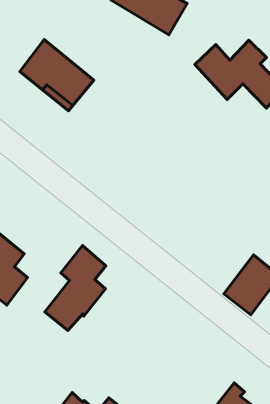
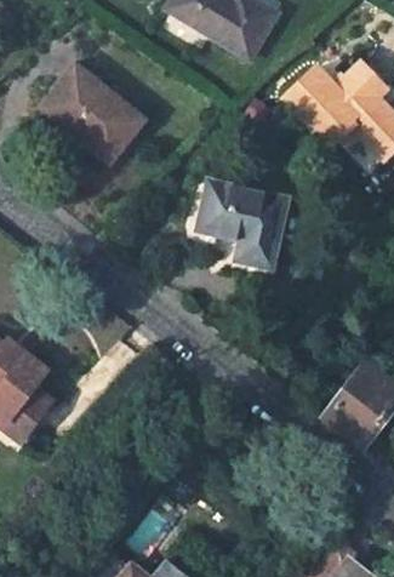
building: none -> [204,185,284,265]
building: [45,246,106,330] -> none

